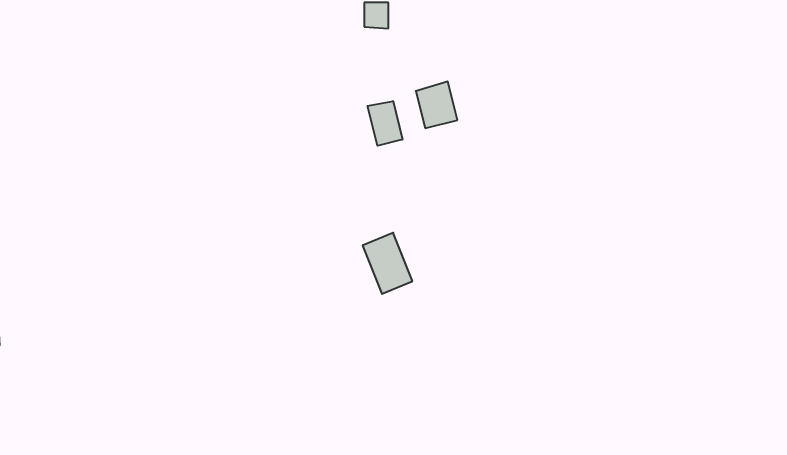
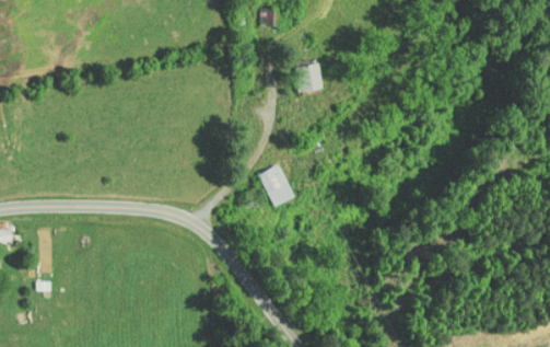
building: [368,101,402,146] -> none

